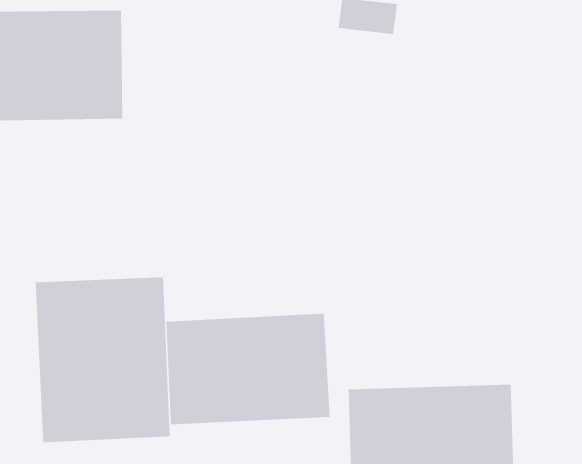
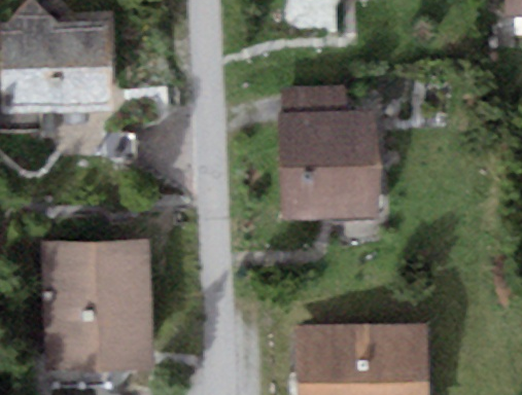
building: none -> [280,85,376,217]
building: [166,313,330,425] -> none

